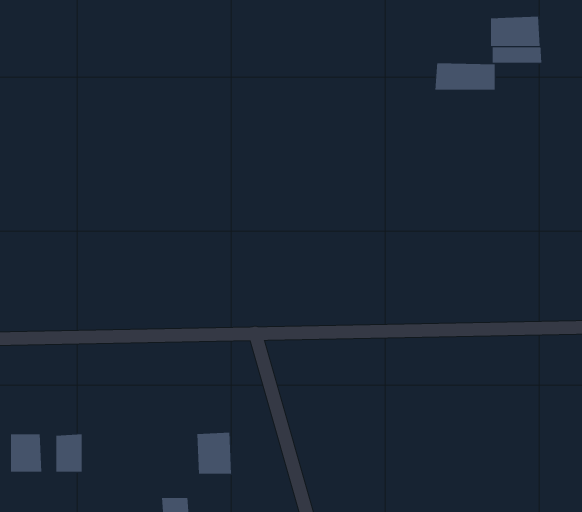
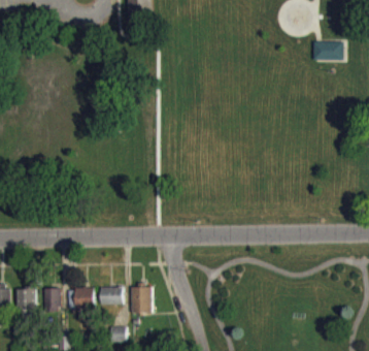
building: [435,62,495,90] -> none
building: none -> [69,287,94,308]
building: none -> [99,287,123,305]

